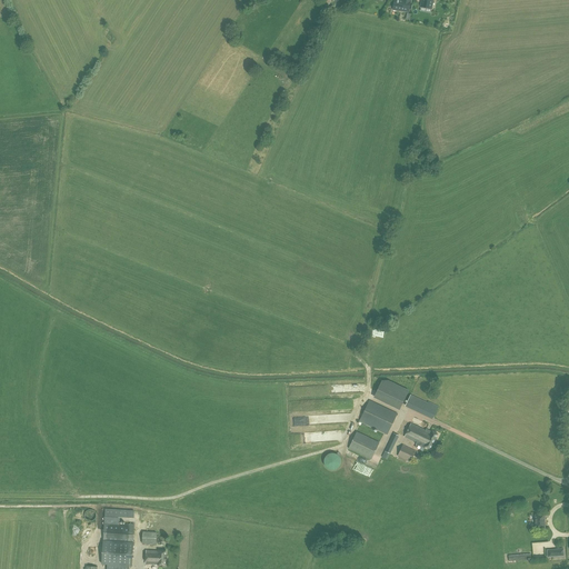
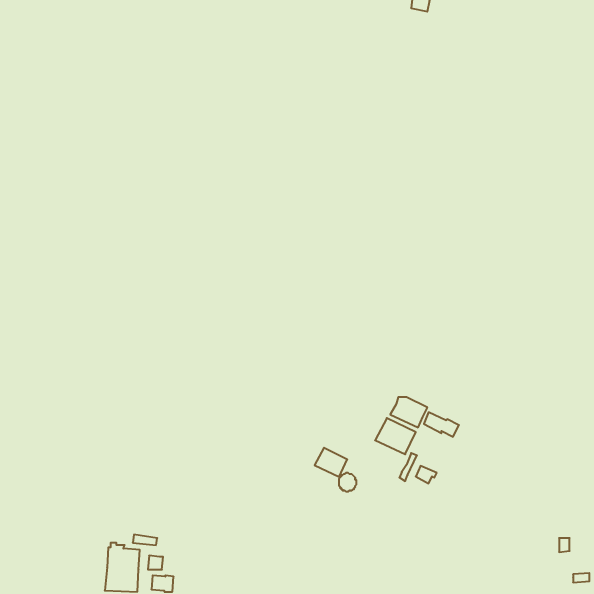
building: [403,422,437,448] -> none
building: [347,430,378,458] -> [315,448,347,477]

